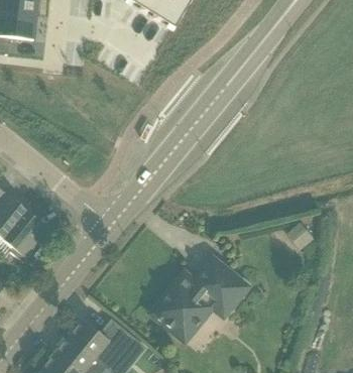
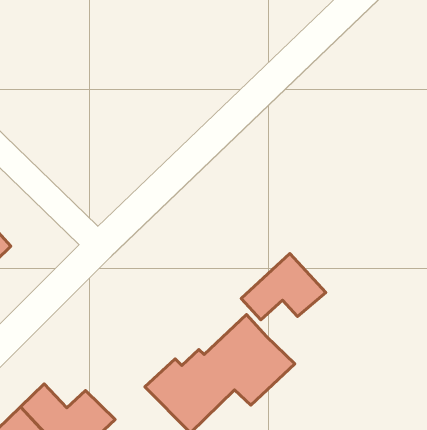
building: none -> [241,254,326,320]

